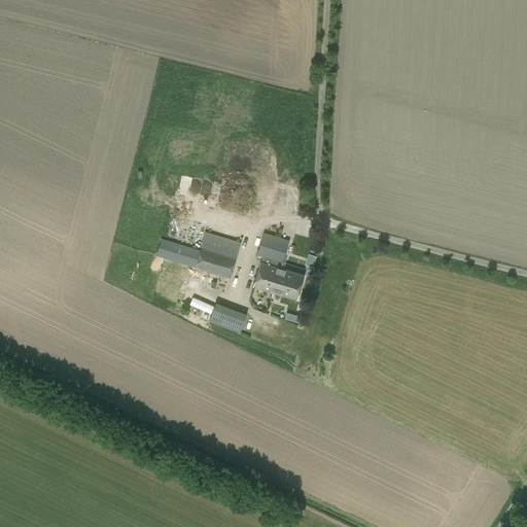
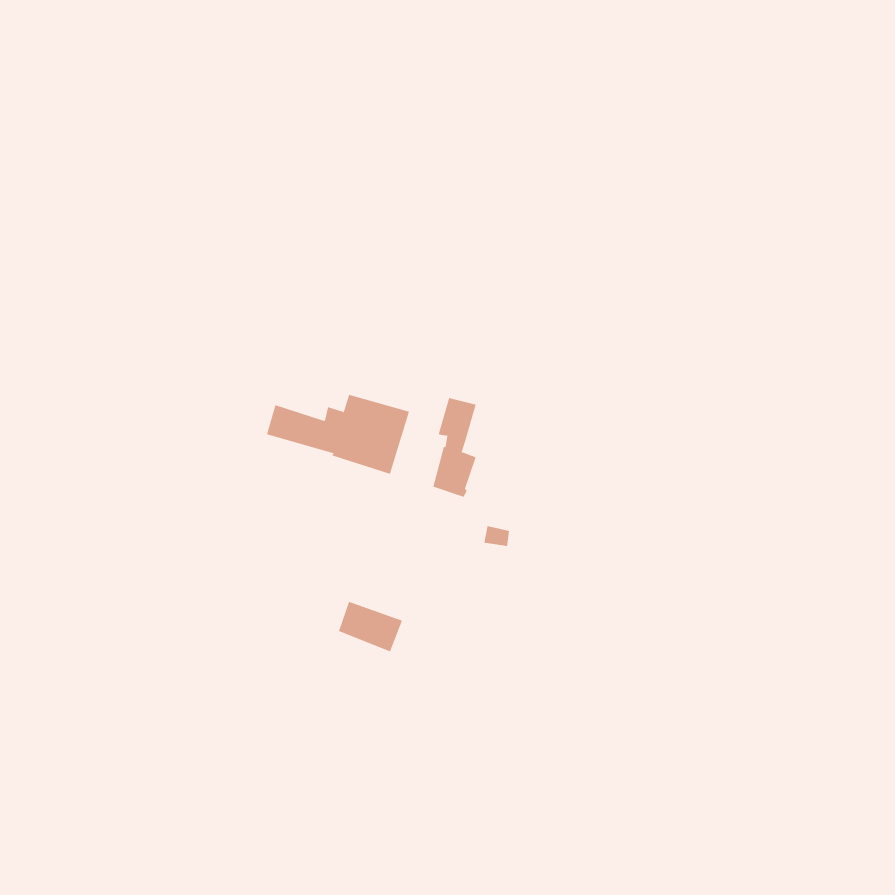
building: [272,238,304,300] -> none
building: [209,303,247,332] -> [338,601,403,652]

